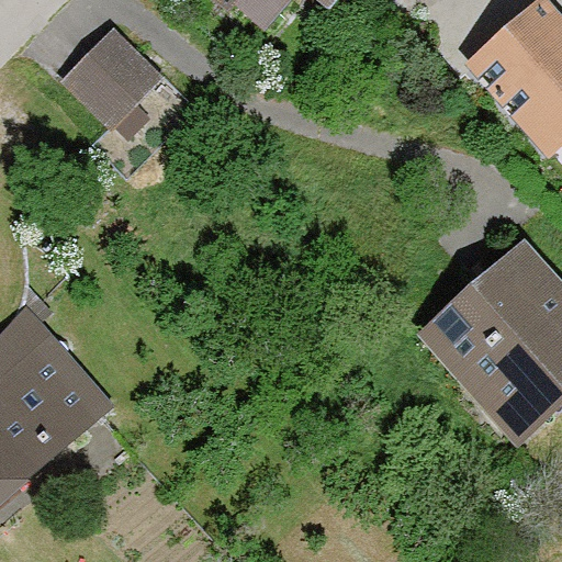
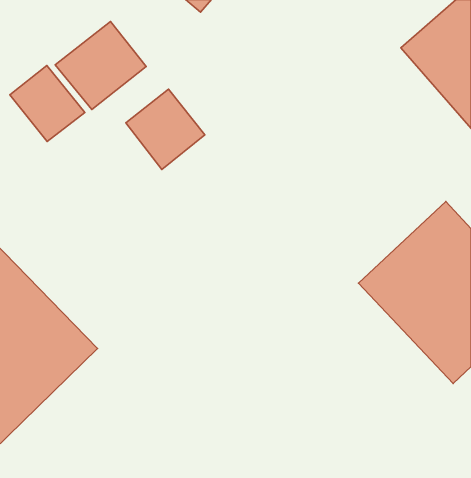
building: none -> [10,65,85,142]
building: none -> [126,89,205,169]

